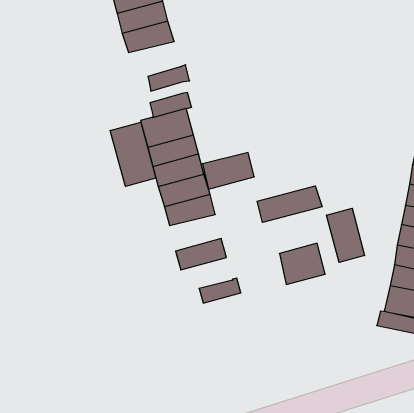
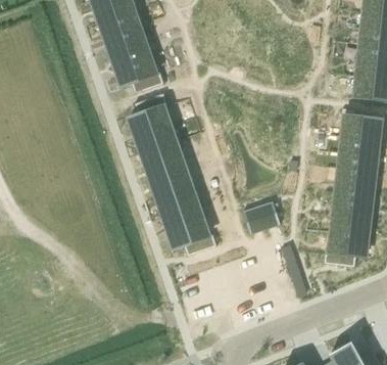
building: none -> [114,54,155,86]
building: [110,122,156,186] -> none
building: [202,153,254,189] -> [156,186,197,217]
building: [257,186,322,222] -> none
building: [327,208,365,262] -> none
building: none -> [167,219,208,247]

